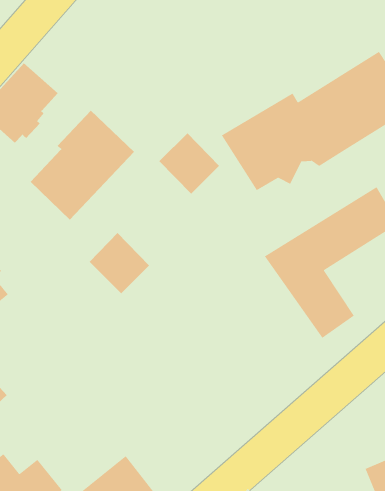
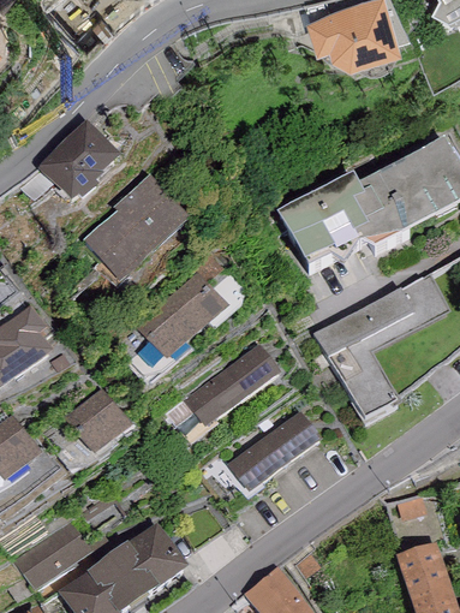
building: [159,133,220,194] -> [167,272,228,334]
building: none -> [184,343,281,428]
building: none -> [65,386,133,456]
building: none -> [228,411,323,493]

